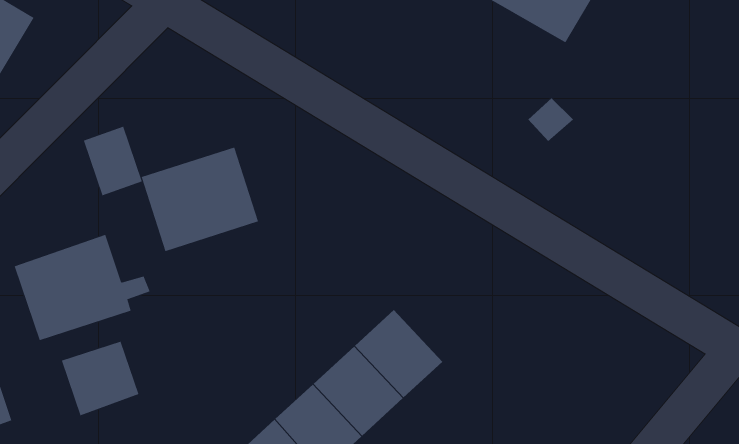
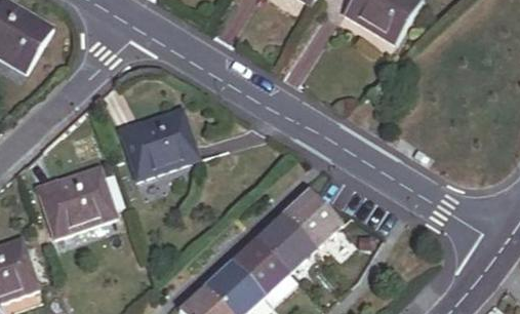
building: [83,126,143,196] -> none
building: none -> [283,192,339,249]
building: [61,341,139,416] -> none

